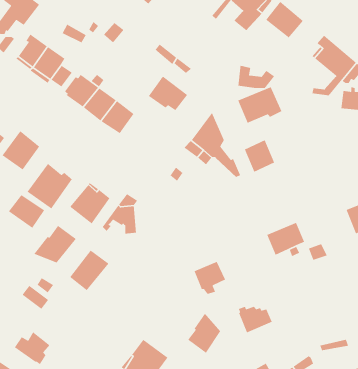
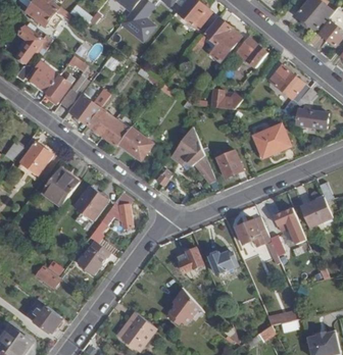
building: [148,76,188,111] -> [117,126,150,155]
building: [237,86,282,124] -> [253,123,290,154]
building: [8,194,45,229] -> none
building: none -> [273,207,305,243]
building: [33,225,77,264] -> none
building: [238,306,273,334] -> [208,251,237,273]

